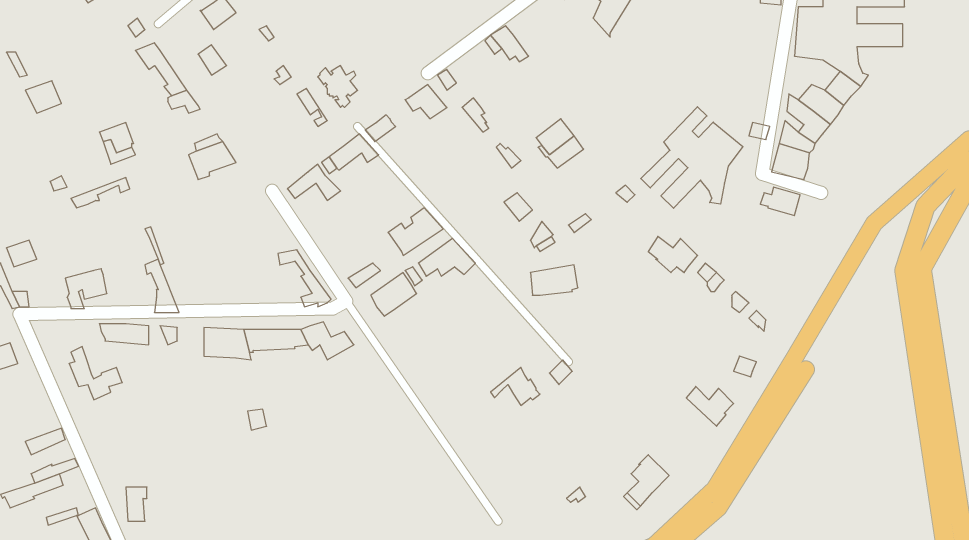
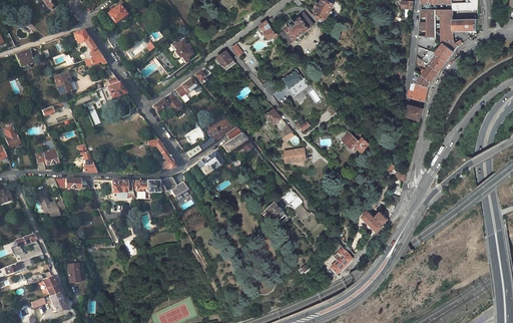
building: none -> [282,12,314,43]
building: [641,107,743,208] -> none

